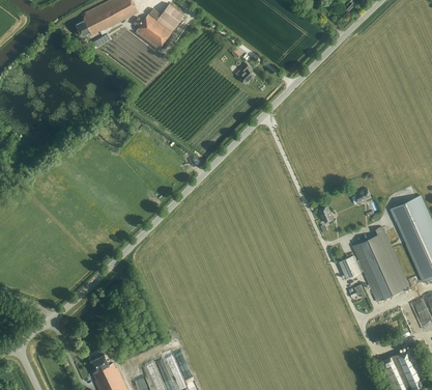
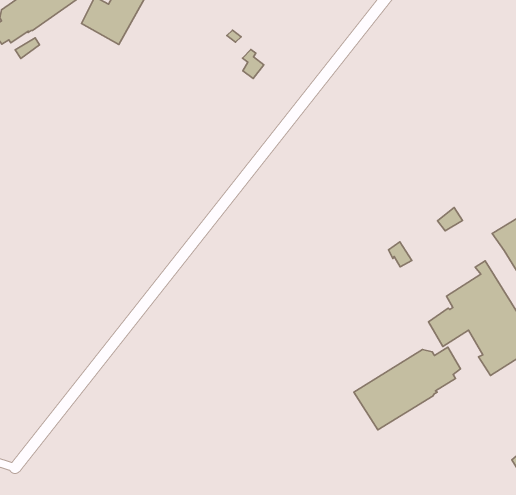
building: none -> [354,347,460,430]

